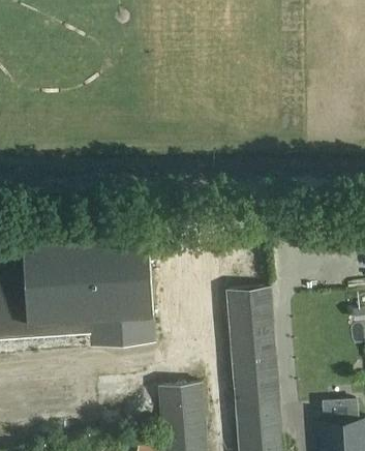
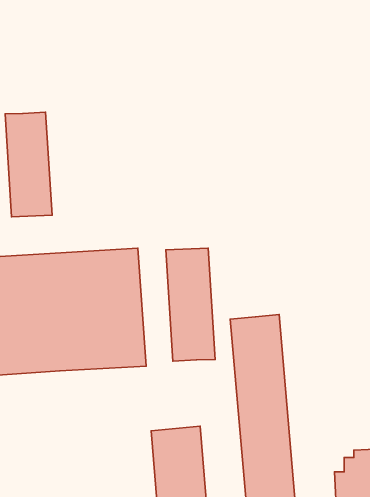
building: none -> [5,112,52,217]
building: none -> [166,248,215,361]

